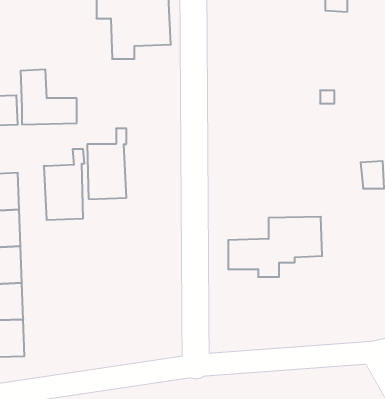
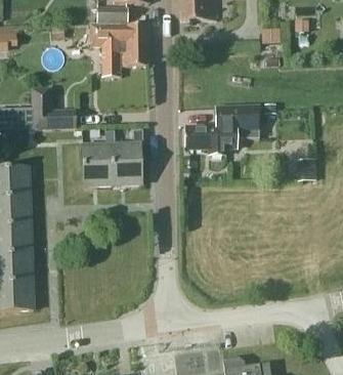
building: [44,149,84,220] -> [111,130,142,185]
building: [228,217,322,277] -> [184,107,258,154]

